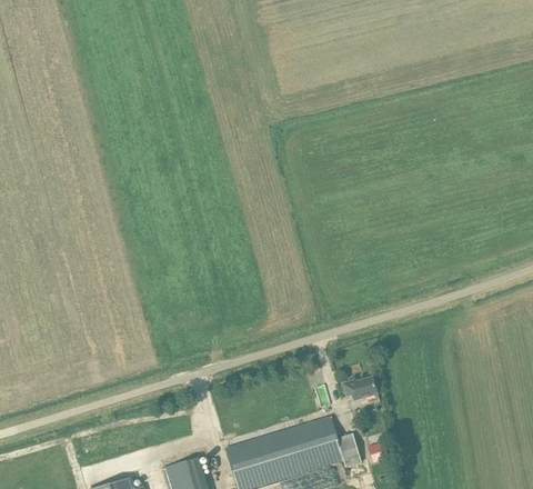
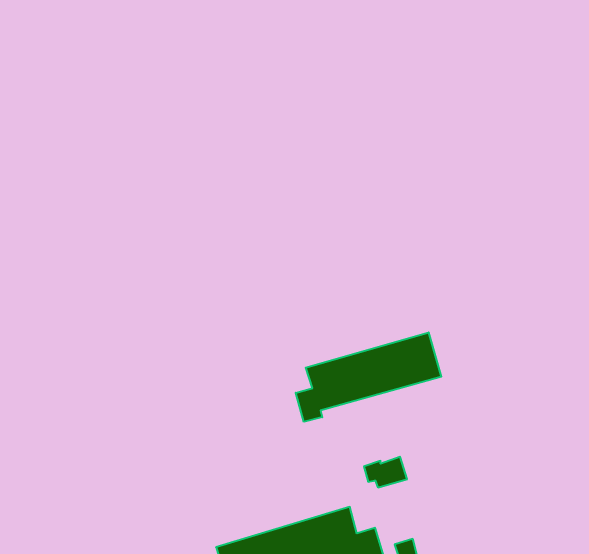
building: none -> [296,332,441,422]

